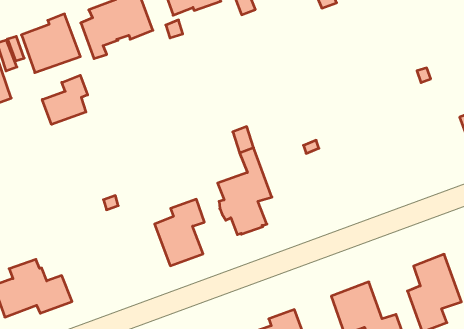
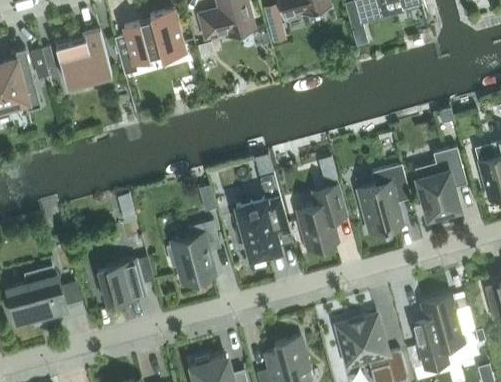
building: [42,75,88,124] -> none
building: none -> [414,147,466,217]
building: none -> [357,164,410,233]
building: none -> [296,186,345,250]
building: none -> [97,257,153,305]

